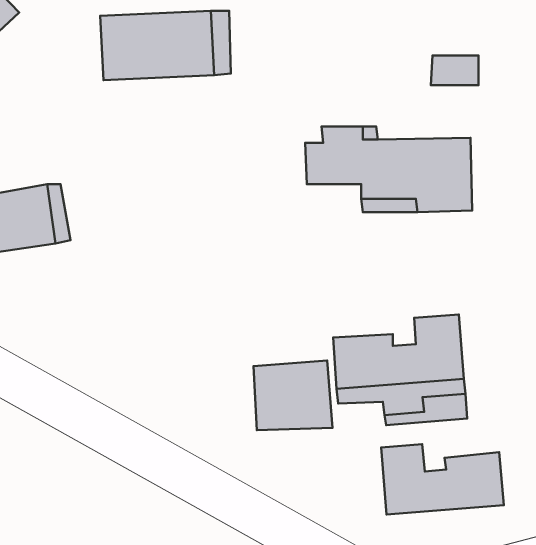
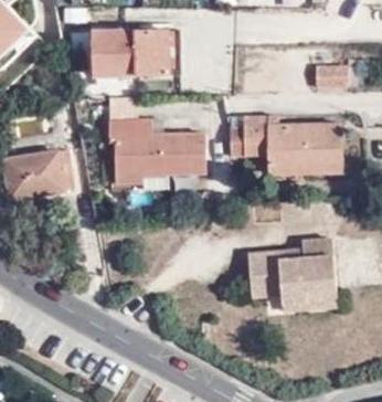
building: none -> [104,114,201,170]
building: [253,360,333,430] -> none
building: [381,444,504,514] -> none

